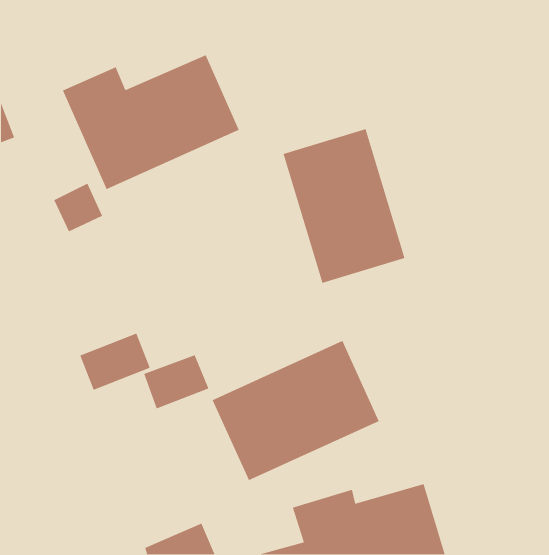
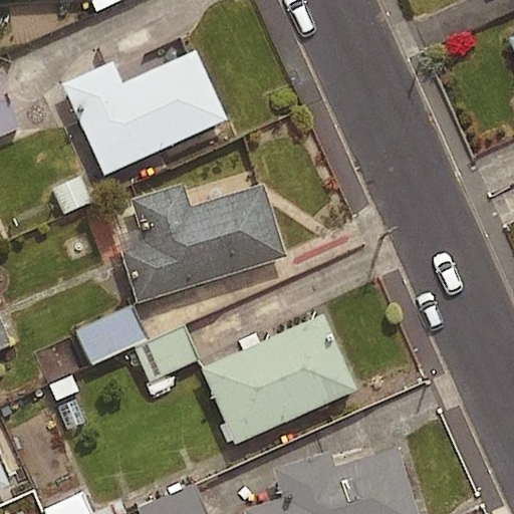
building: [282,128,406,284] -> none
building: none -> [120,184,285,303]

